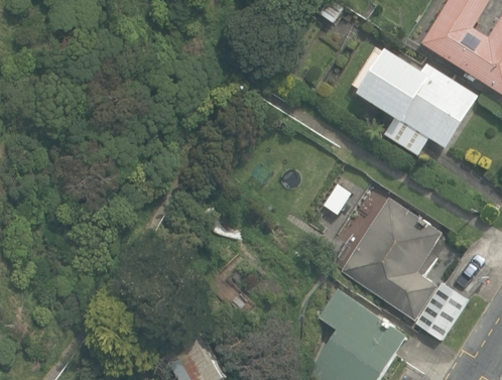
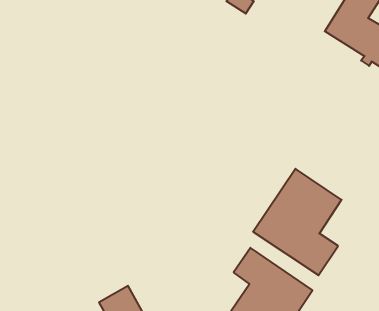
building: [357,48,477,153] -> none
building: [413,282,465,339] -> none

